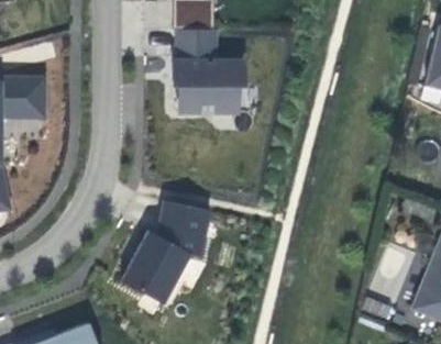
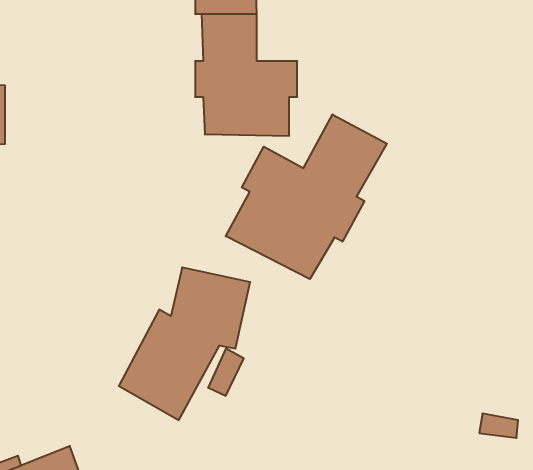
building: none -> [226,114,387,279]

